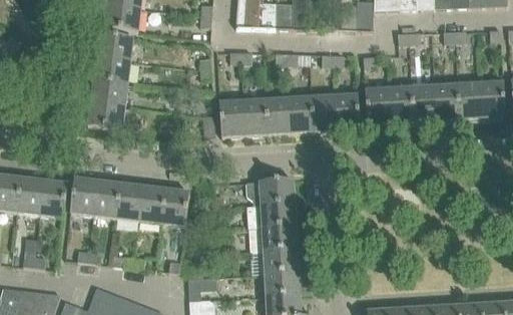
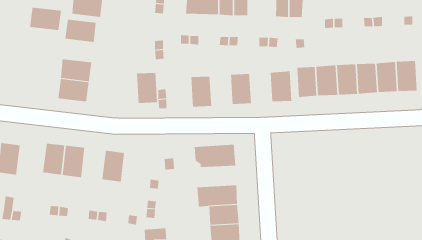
building: [92,56,130,83] -> [29,7,62,30]
building: [311,95,336,131] -> none
building: [265,97,290,134] -> none
building: [218,100,243,136] -> [136,72,158,103]
building: [40,180,67,217] -> none
building: [115,183,142,220] -> none
building: [161,189,189,226] -> none
building: [247,204,296,229] -> none

